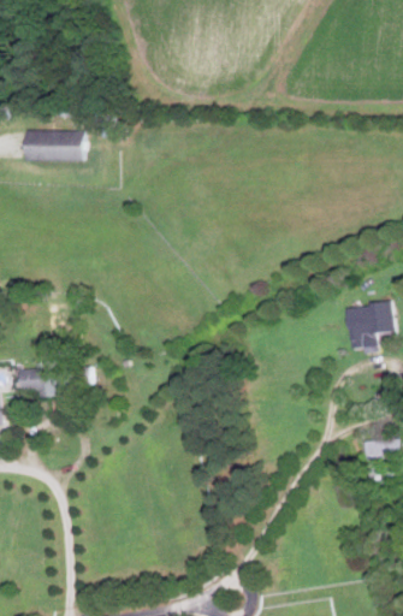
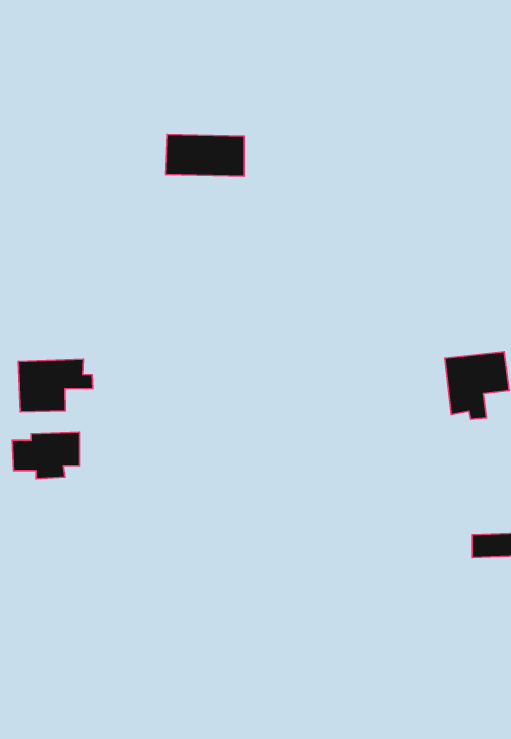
building: [24,130,83,161] -> [166,135,244,176]
building: none -> [18,359,93,412]

